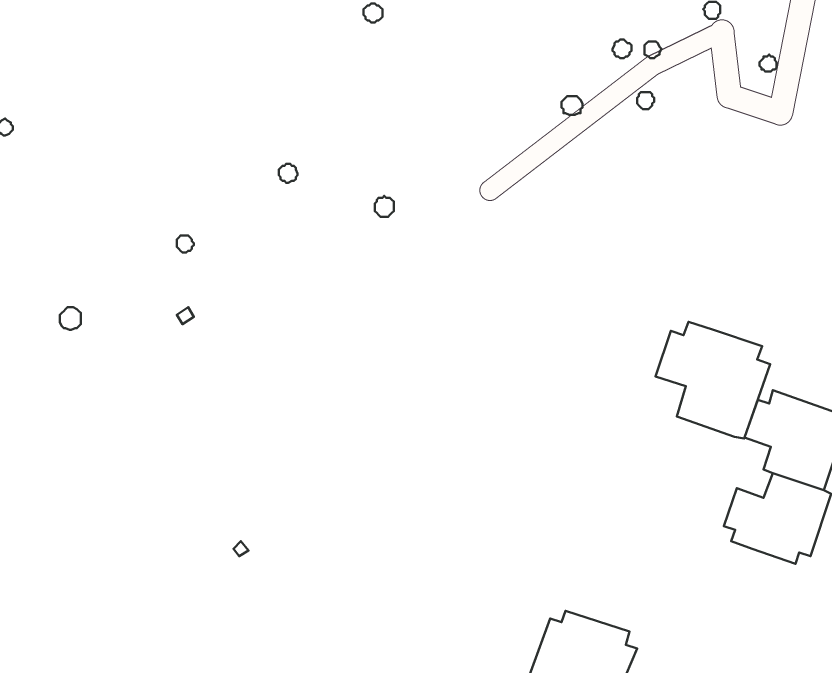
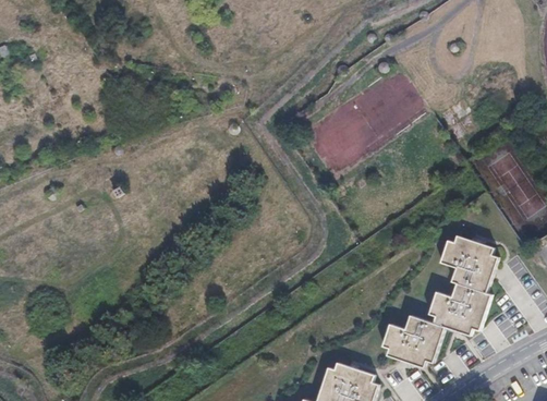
building: [656,322,770,439] -> none
building: none -> [381,315,445,367]

